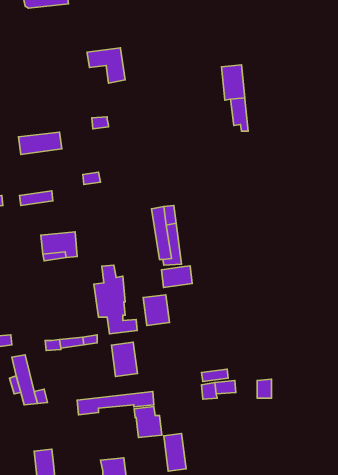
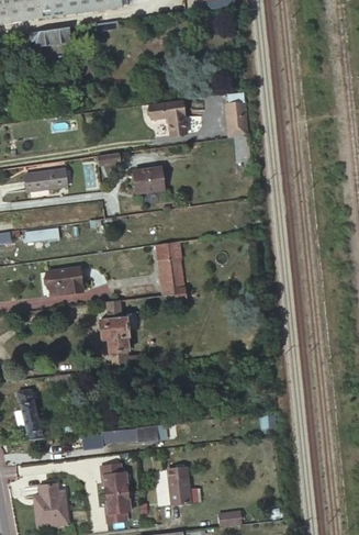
building: [87,48,125,83] -> [149,100,187,135]
building: none -> [127,168,159,194]
building: [161,266,192,288] -> none
building: [143,295,169,326] -> none
building: [111,342,137,376] -> none
building: [134,406,162,437] -> [101,464,128,494]

